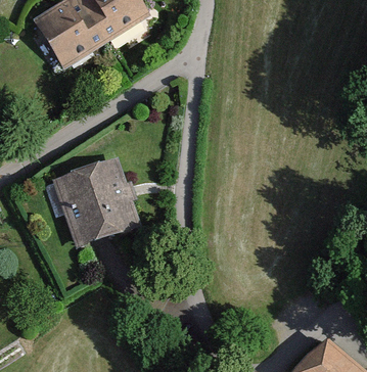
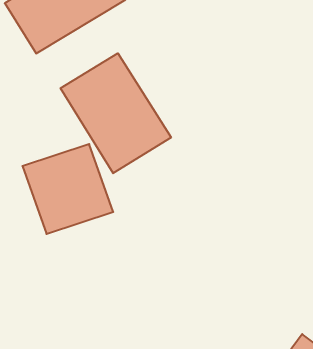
building: none -> [61,53,171,173]

